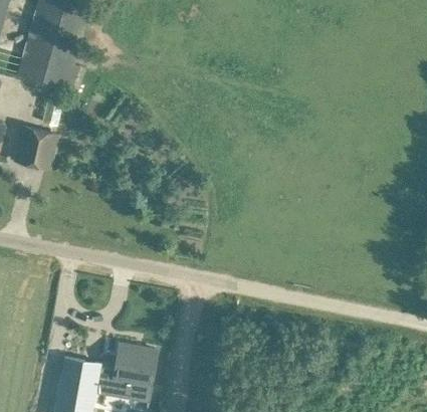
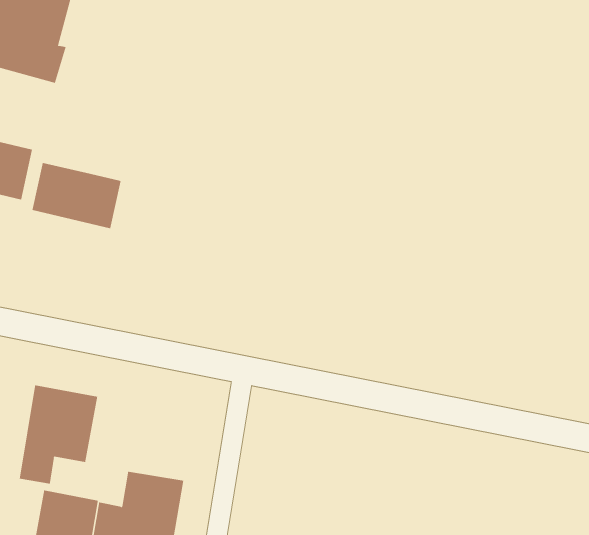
building: none -> [32,162,121,229]
building: none -> [19,385,98,485]

